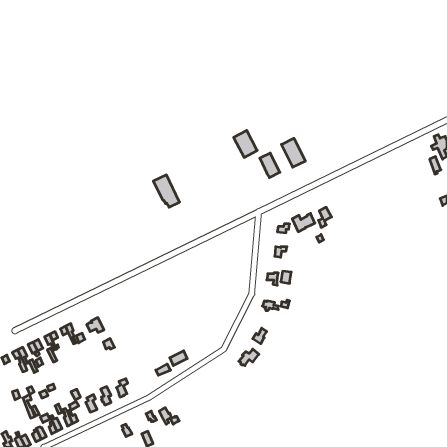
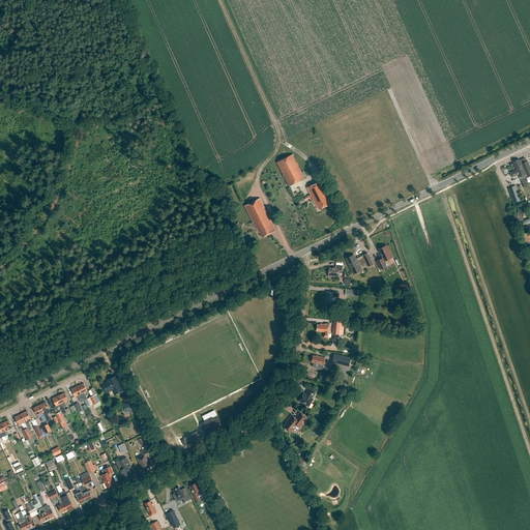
building: [281,138,305,167] -> none
building: [153,175,180,207] -> [244,199,275,237]

